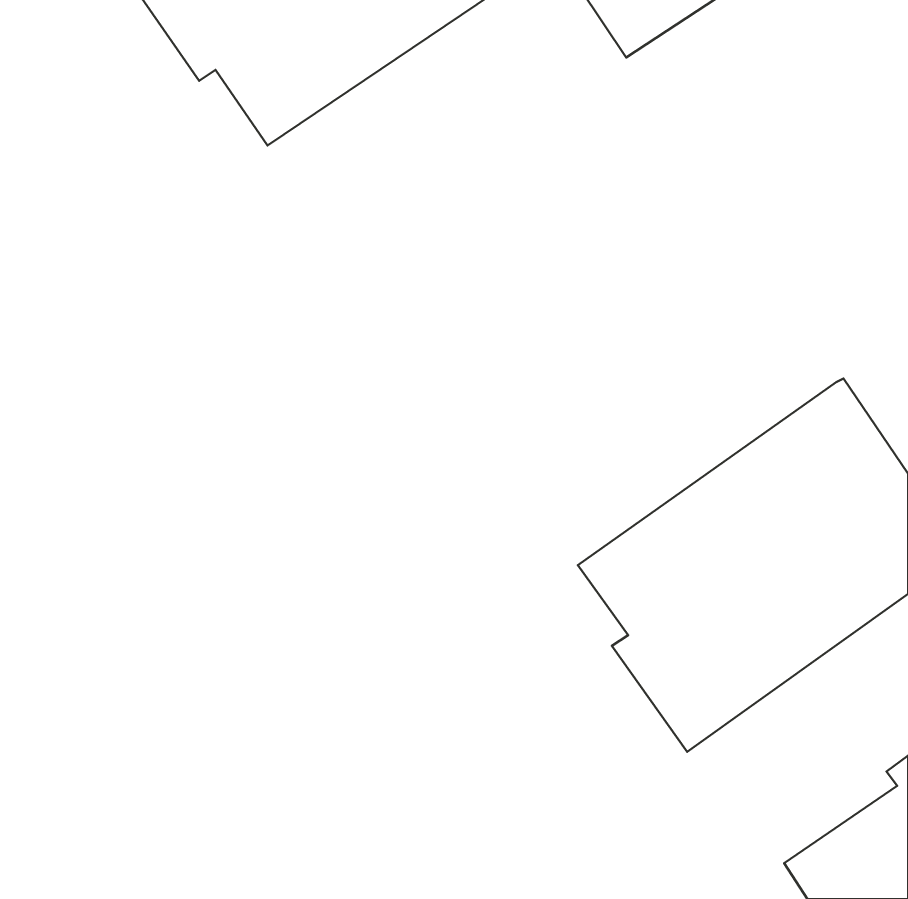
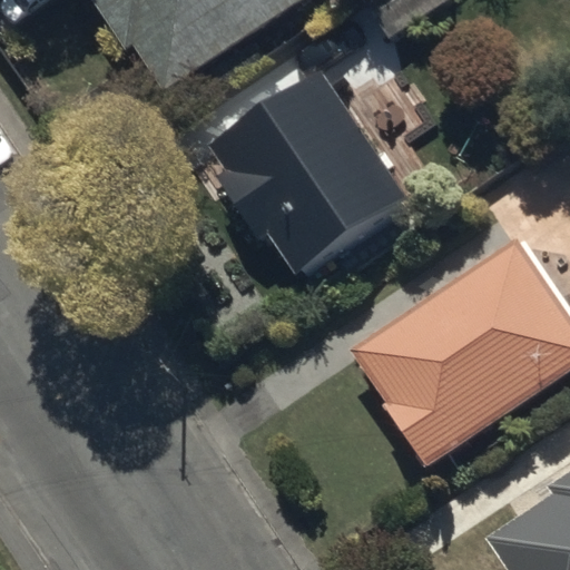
building: none -> [213,71,411,276]

